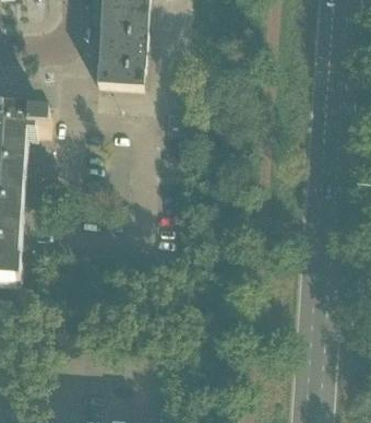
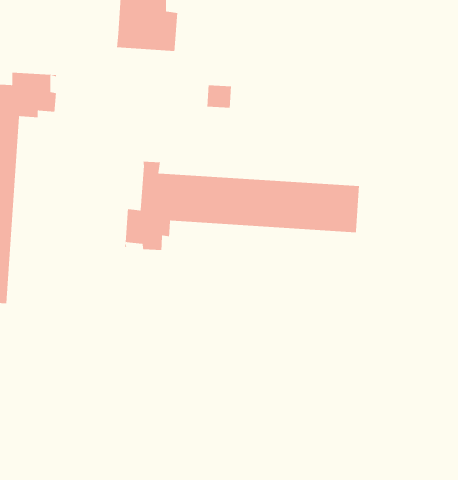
building: none -> [124,161,360,251]

